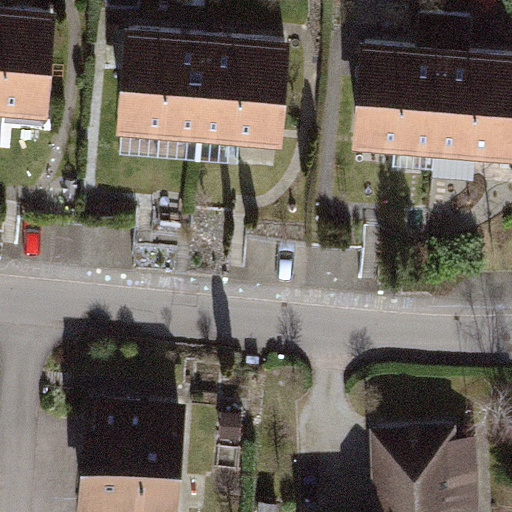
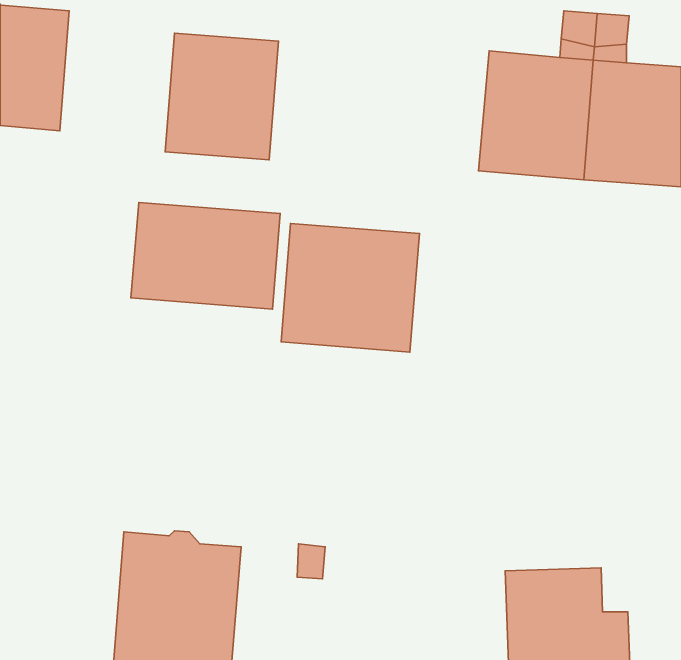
building: [202,47,286,143] -> none
building: none -> [131,202,280,309]
building: none -> [281,224,419,352]

